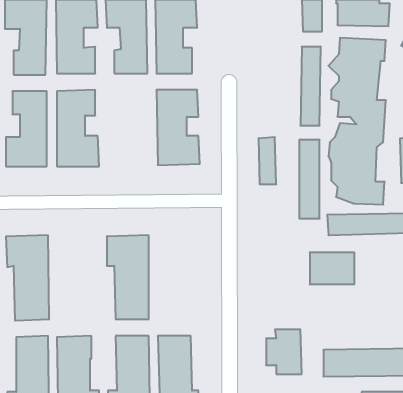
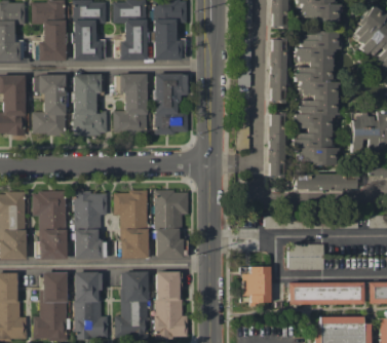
building: none -> [114,73,148,132]
building: none -> [156,190,189,258]
building: none -> [75,191,108,258]
building: [310,252,354,284] -> [288,243,324,269]

